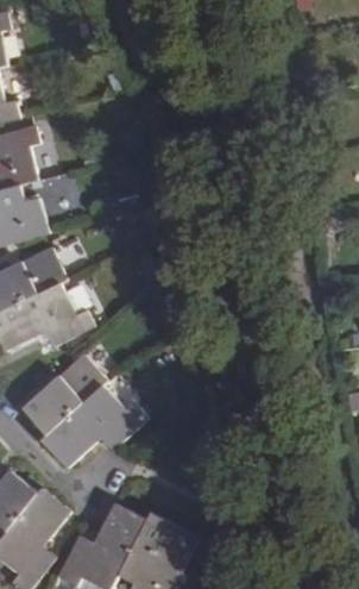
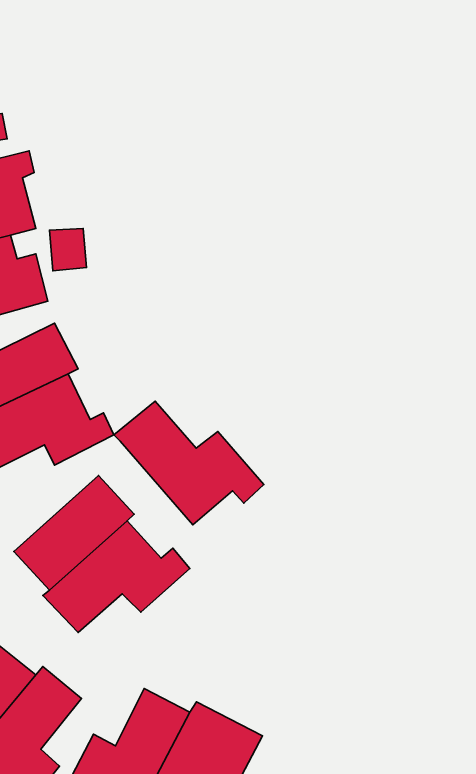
building: none -> [114,401,264,525]

